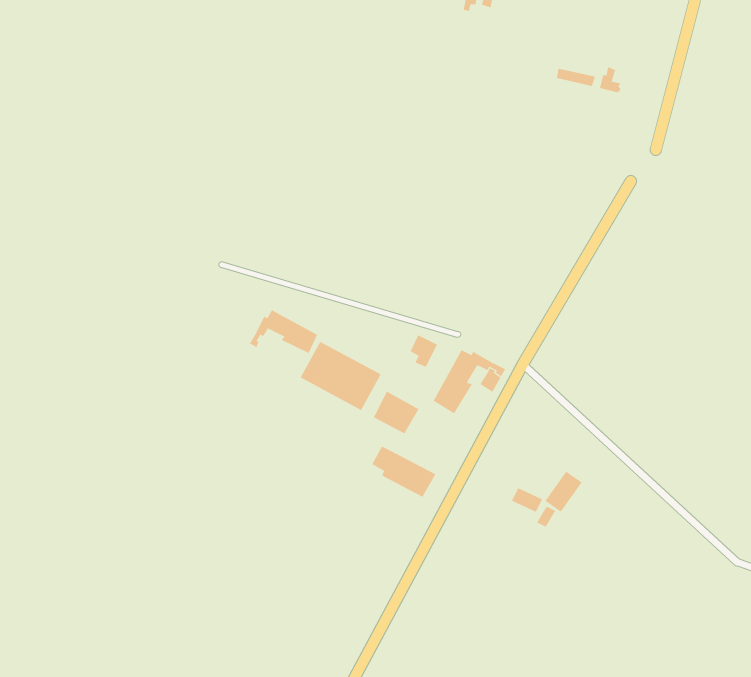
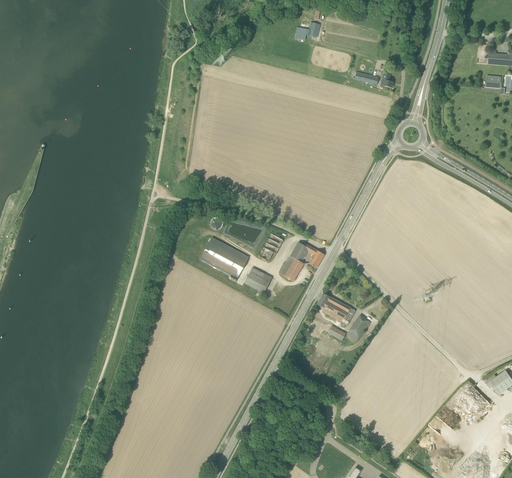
building: [249,310,318,354] -> none
building: [371,446,436,497] -> [316,292,355,323]

